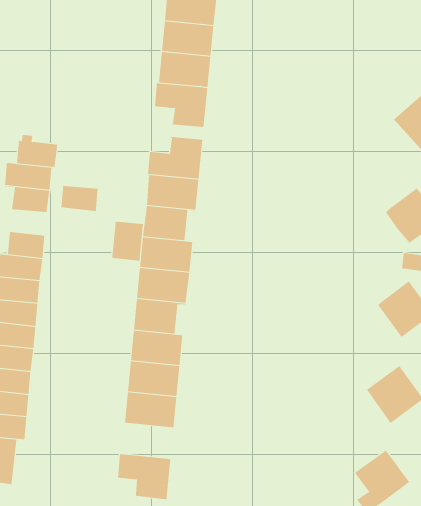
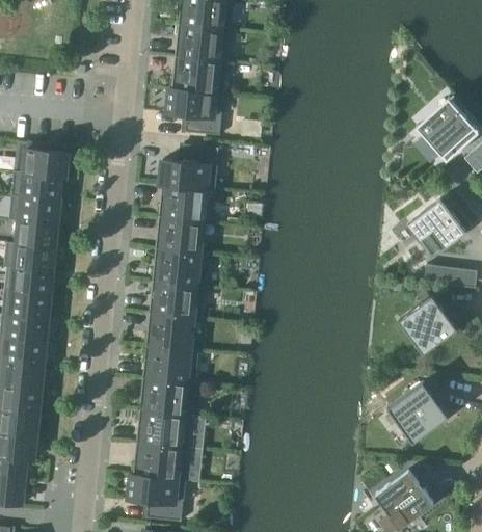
building: [61,185,99,211] -> [17,220,56,247]
building: [111,221,143,261] -> none
building: none -> [133,442,188,479]

